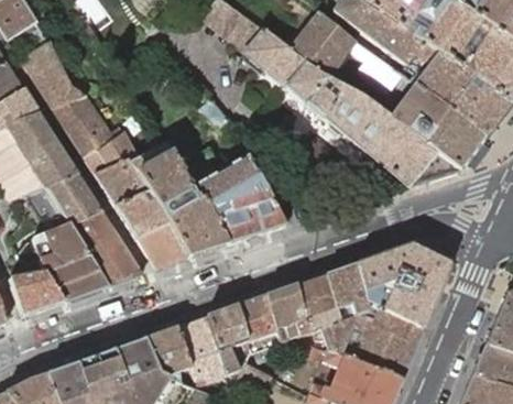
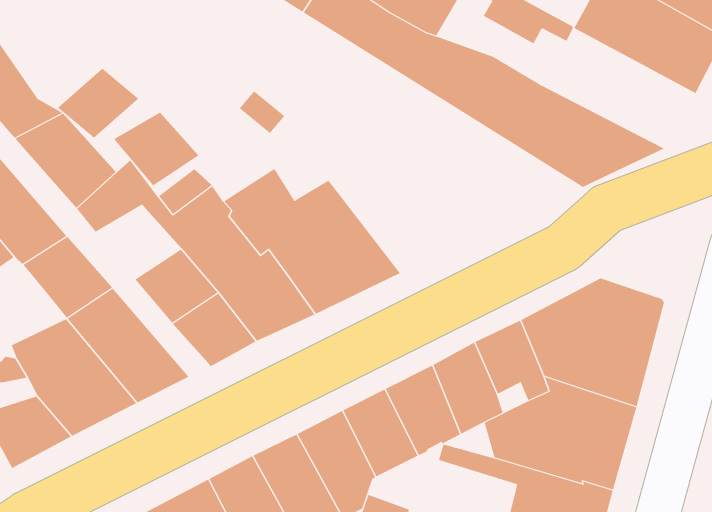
building: none -> [57,68,139,138]
building: [389,85,485,168] -> none
building: [95,160,148,206] -> [113,112,199,186]

